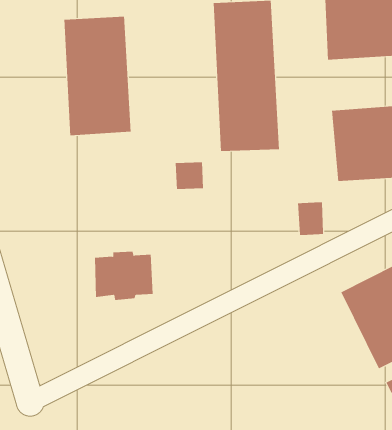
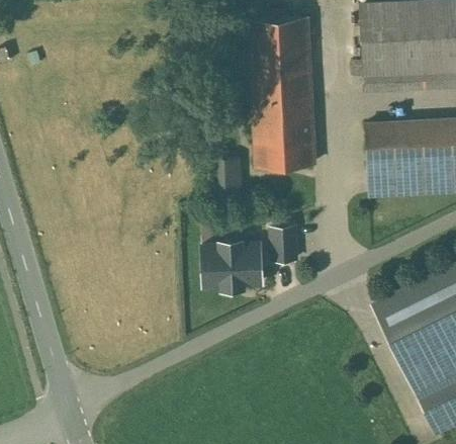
building: [64,16,131,136] -> none
building: [297,202,324,236] -> [271,229,297,262]
building: [94,251,154,300] -> [203,242,262,290]

